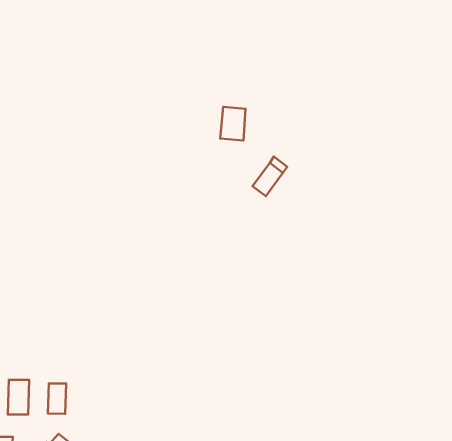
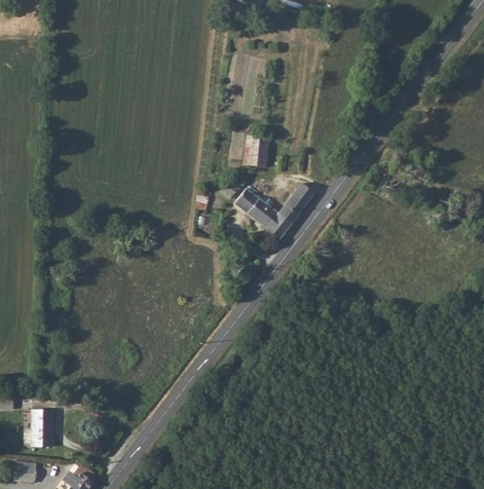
building: none -> [233,187,292,238]
building: [48,383,66,414] -> none

